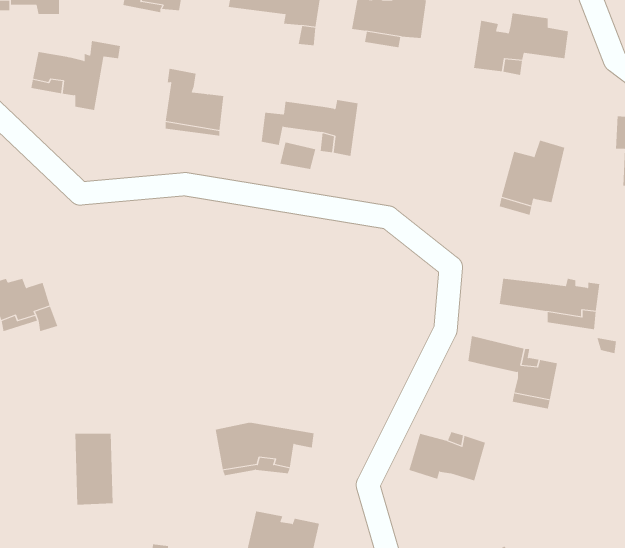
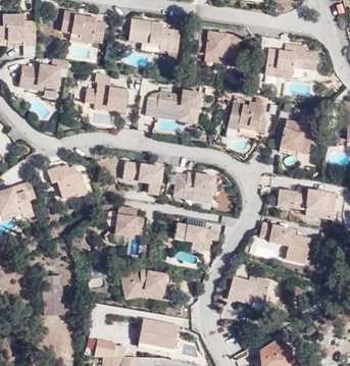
building: none -> [229,99,266,132]
building: none -> [123,162,162,195]
building: none -> [48,166,88,199]
building: none -> [174,174,215,199]
building: none -> [115,206,144,238]
building: none -> [174,223,219,250]

